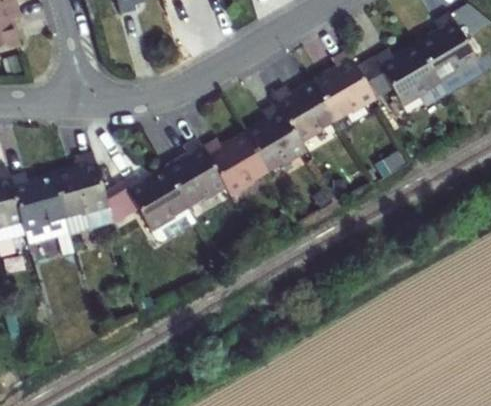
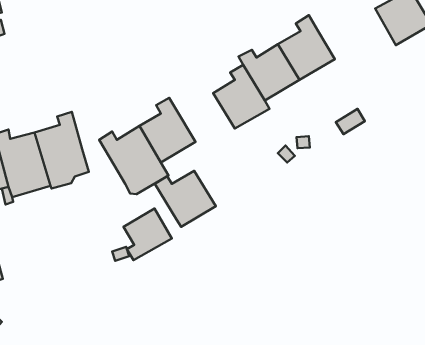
building: [357,46,440,107] -> none
building: [203,136,268,196] -> [155,171,216,227]
building: [105,186,139,227] -> none
building: none -> [123,208,172,260]

